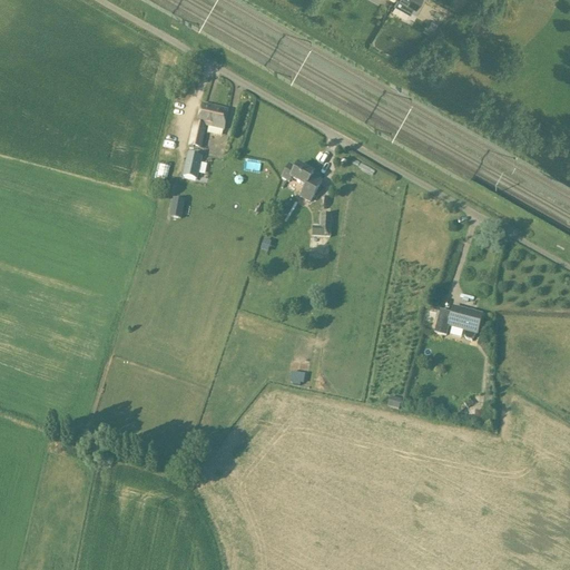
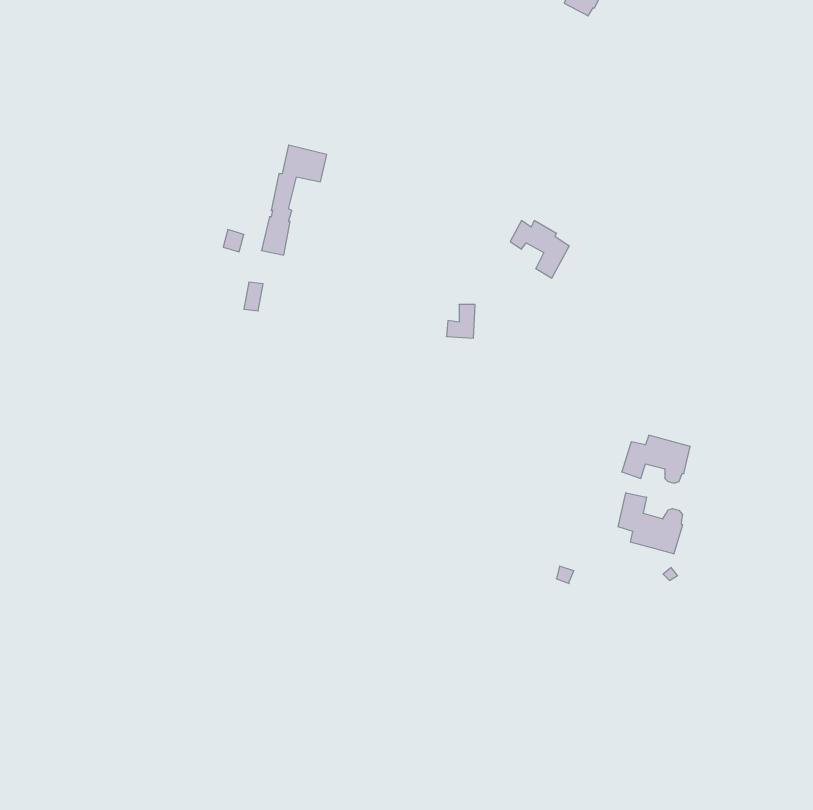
building: [283,161,324,202] -> [510,221,569,278]
building: none -> [618,493,683,554]

